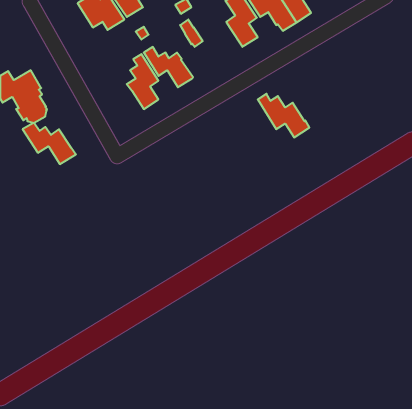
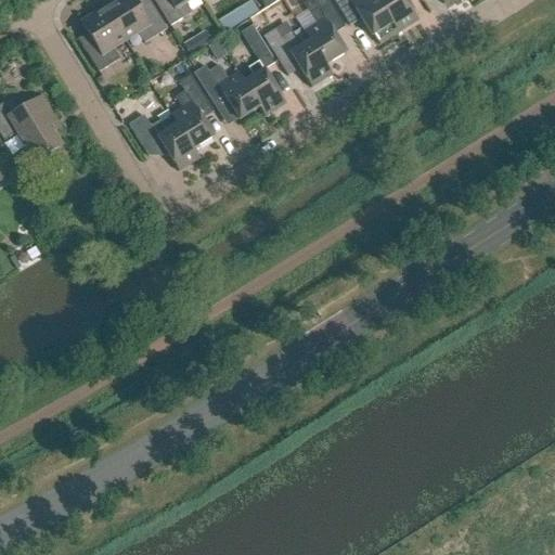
building: none -> [81,4,126,68]
building: none -> [244,59,286,114]
building: [258,94,309,137] -> [263,26,333,85]
building: [23,123,76,164] -> [129,113,201,168]

